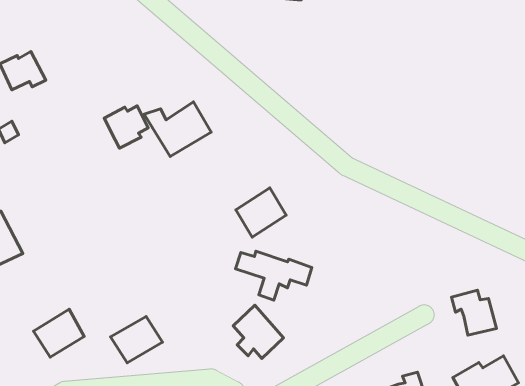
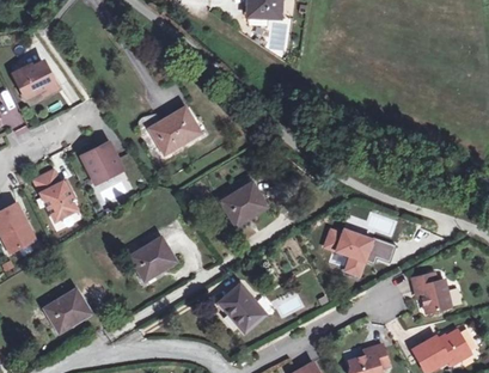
building: [104,106,148,148] -> [82,145,121,182]
building: none -> [35,170,77,220]
building: [235,251,312,300] -> [326,230,393,273]
building: [111,316,163,363] -> [130,238,176,279]

